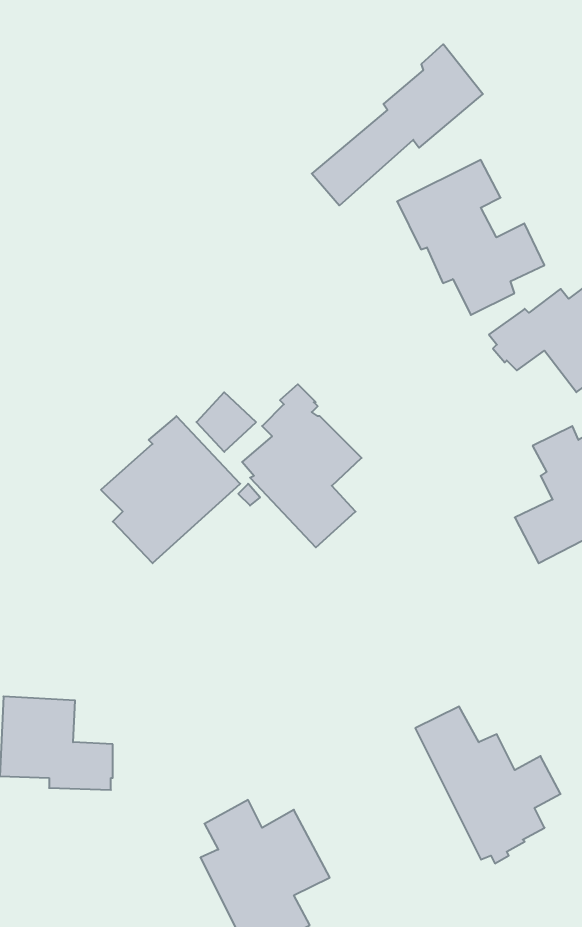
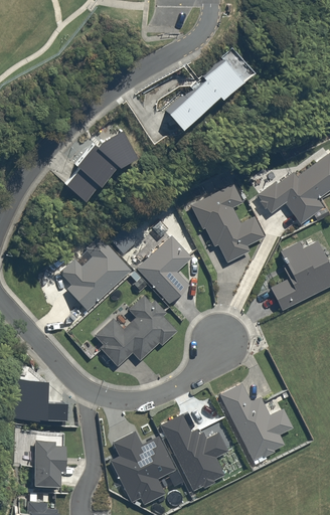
building: [397,160,544,315] -> [190,184,265,263]
building: none -> [64,131,136,201]
building: none -> [94,295,177,366]
building: none -> [160,414,228,490]
building: none -> [33,440,65,490]

